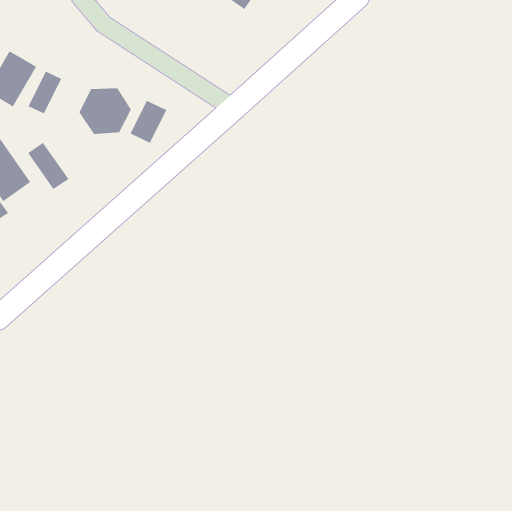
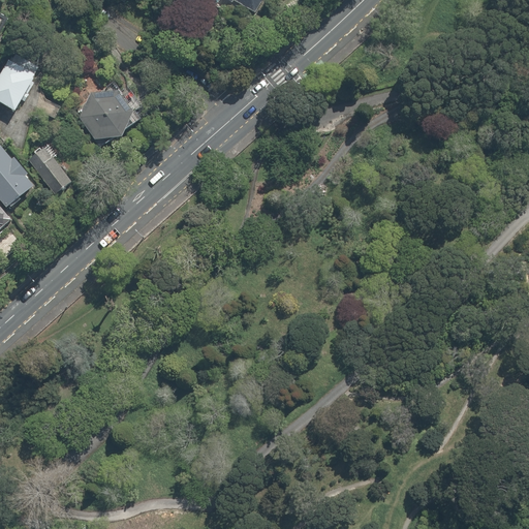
building: [27,70,62,115] -> none
building: [130,100,167,144] -> none

